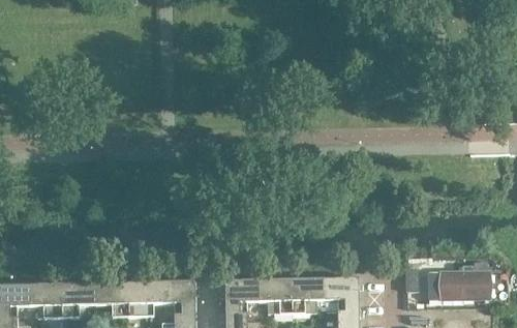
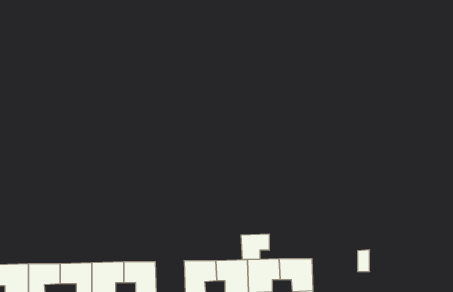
building: none -> [241,234,269,260]
building: [427,266,492,299] -> none

